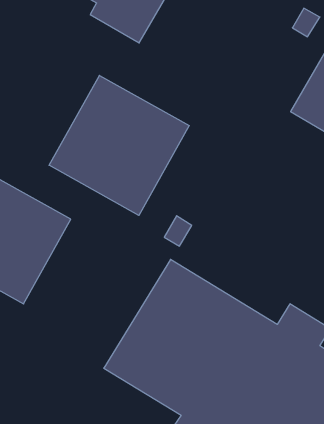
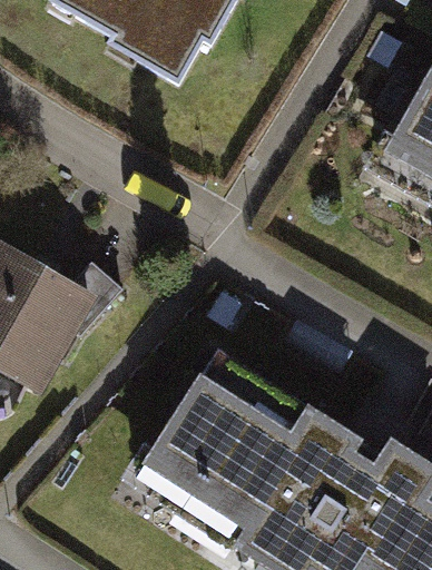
building: [49,75,189,215] -> none

